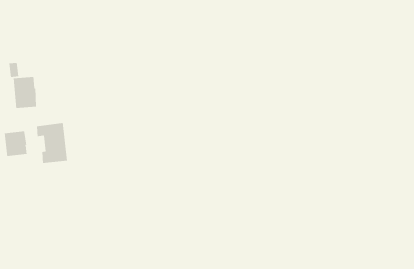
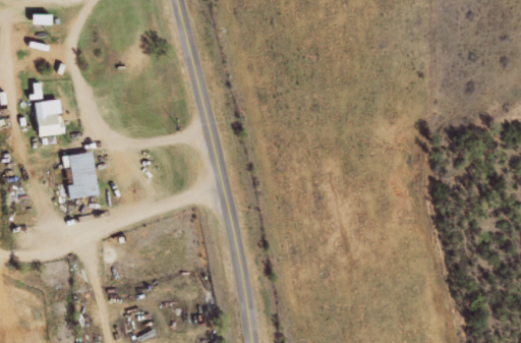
building: [4,131,27,157] -> none

